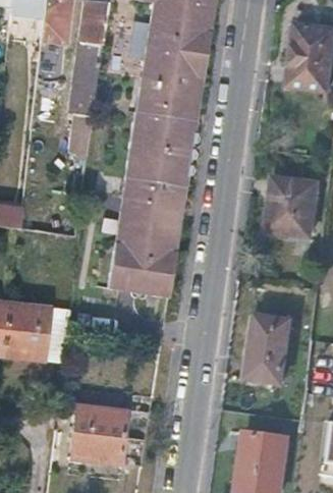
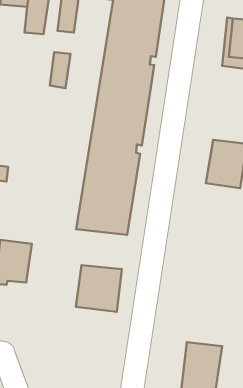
building: [246,314,295,385] -> none
building: [69,405,126,463] -> [76,265,122,312]

